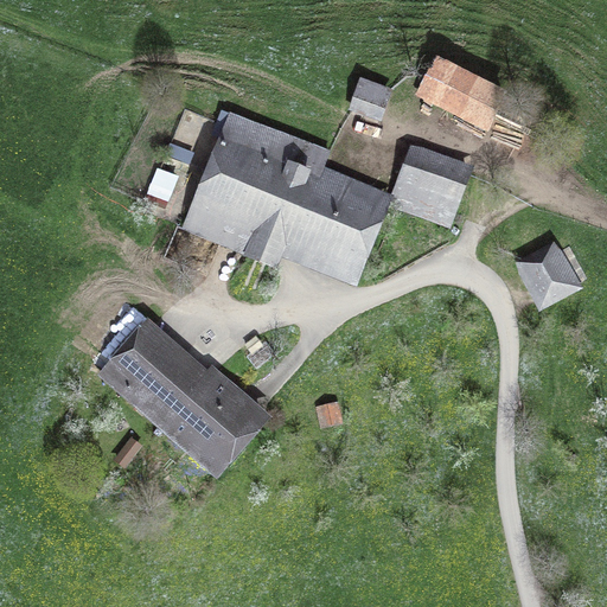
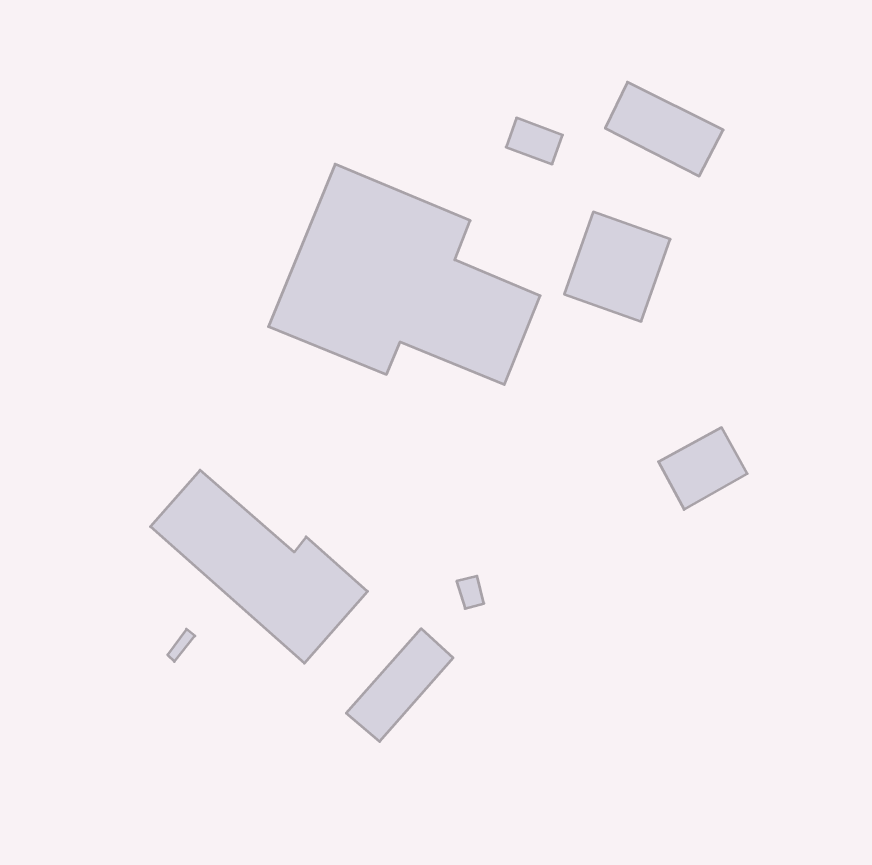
building: [524,241,586,298] -> [658,428,747,510]
building: none -> [346,629,453,742]

